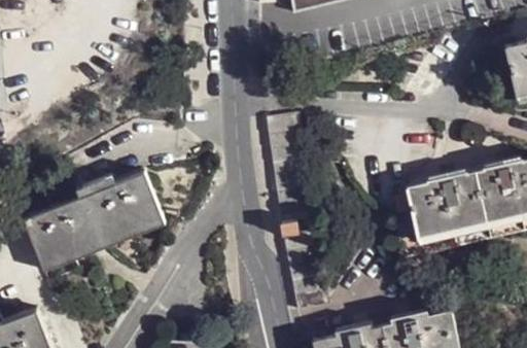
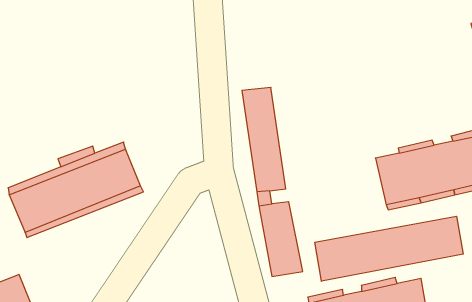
building: none -> [315,216,463,281]

